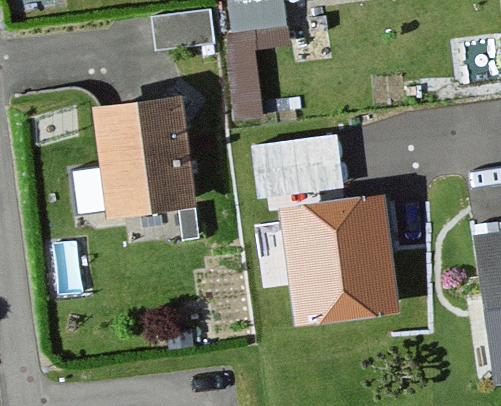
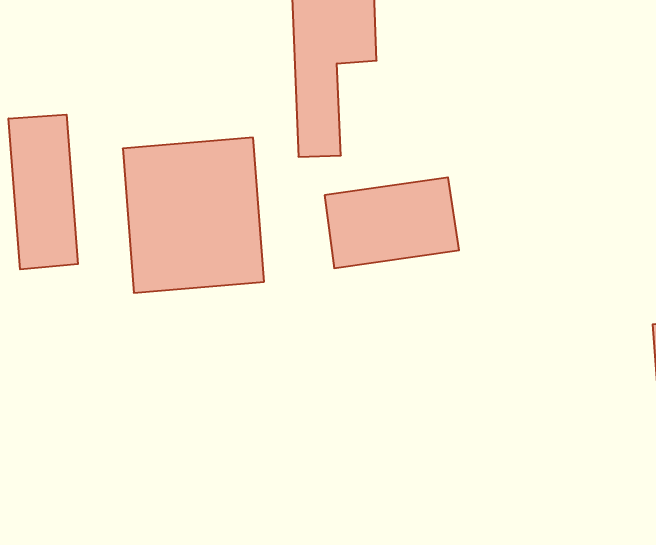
building: none -> [9,115,78,269]
building: [287,196,396,321] -> none

